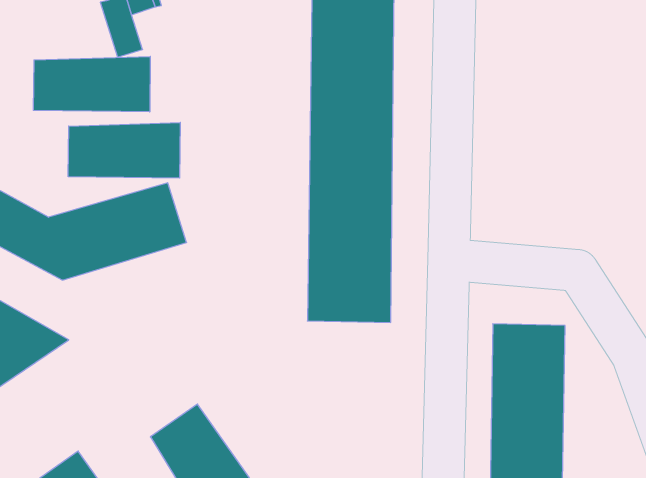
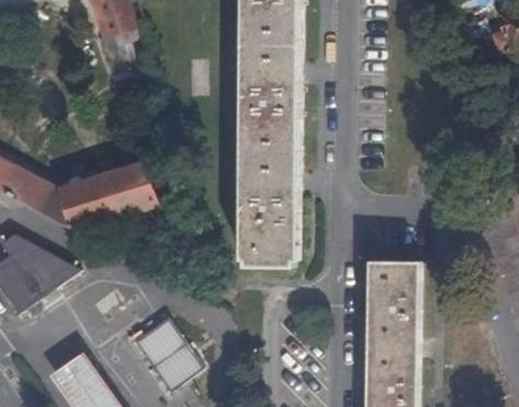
building: [33,56,150,112] -> none
building: [68,122,180,178] -> none

